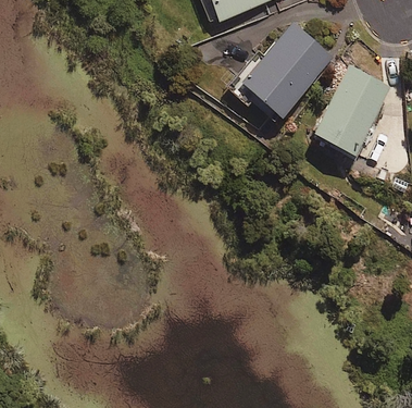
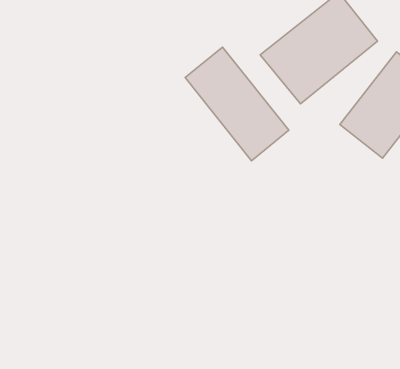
building: none -> [185,47,289,161]

